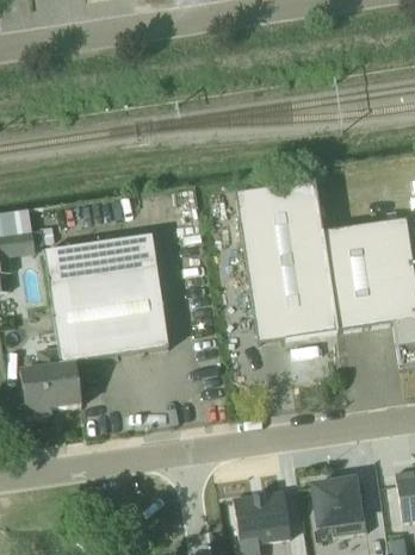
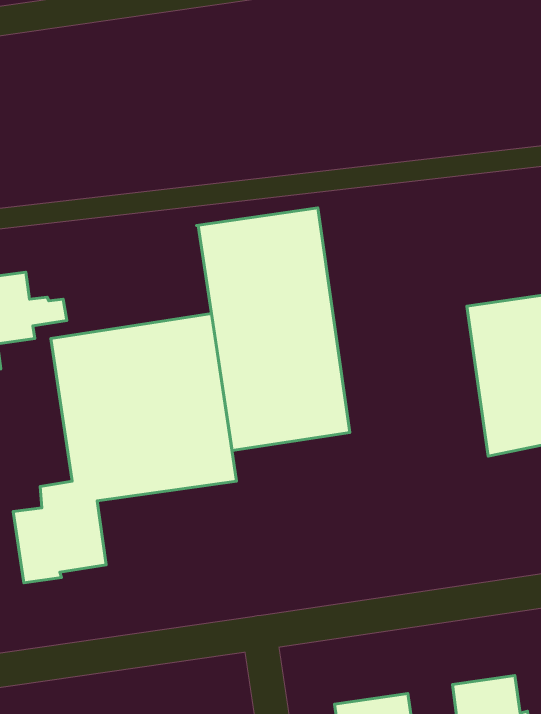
building: [235,180,337,342] -> [196,208,350,450]

